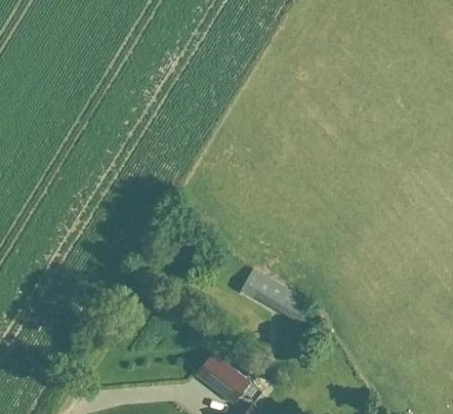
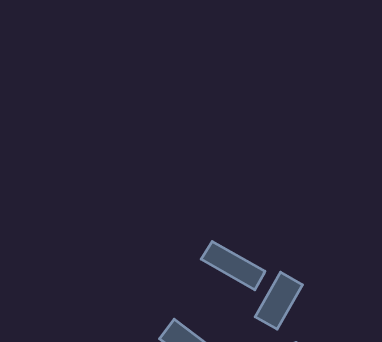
building: none -> [255,272,303,329]

